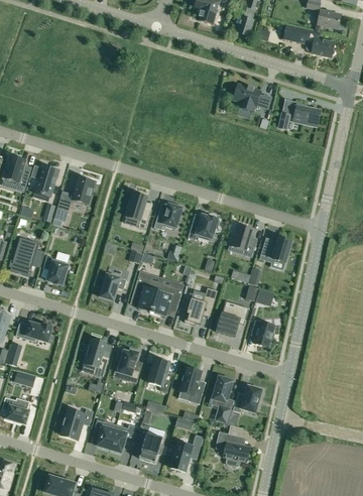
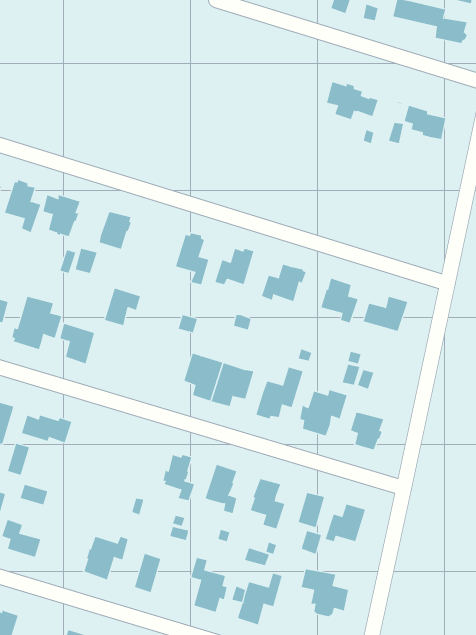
building: [100,273,126,300] -> [104,288,141,326]
building: [84,338,110,376] -> none
building: [109,424,136,453] -> none

